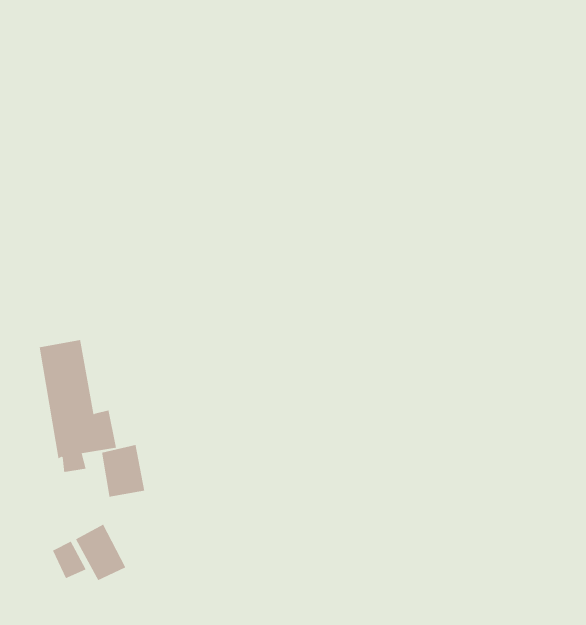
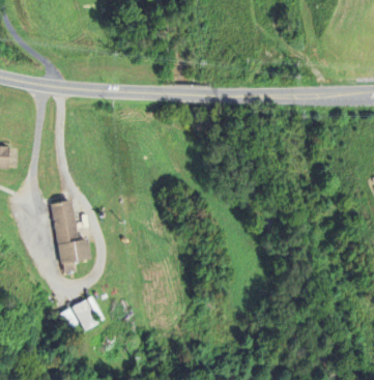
building: [101,444,145,498] -> none

